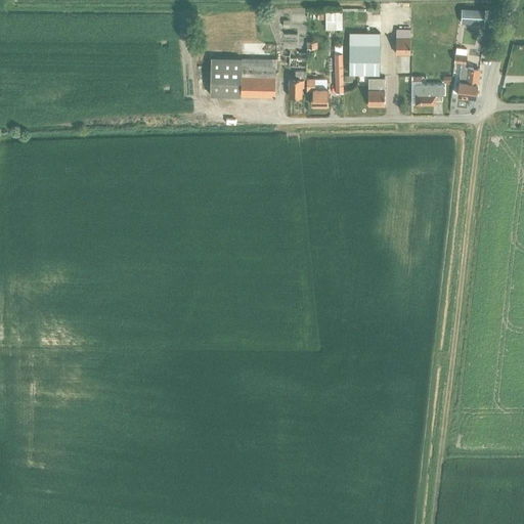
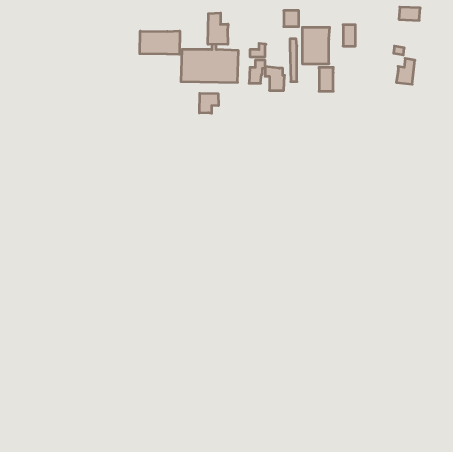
building: none -> [208,13,228,44]
building: none -> [140,31,180,54]
building: [414,85,443,104] -> none
building: none -> [199,93,218,113]

